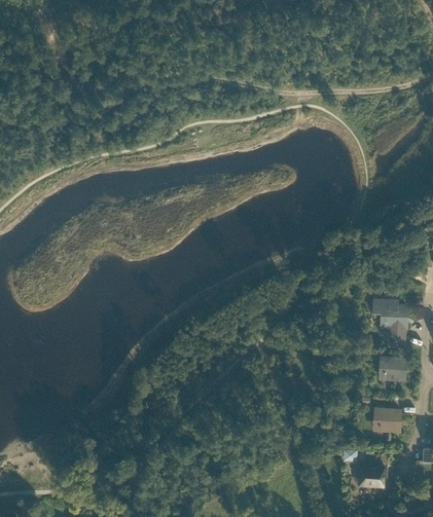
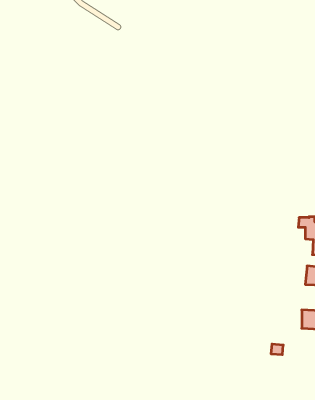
building: [359,466,385,484] -> none

